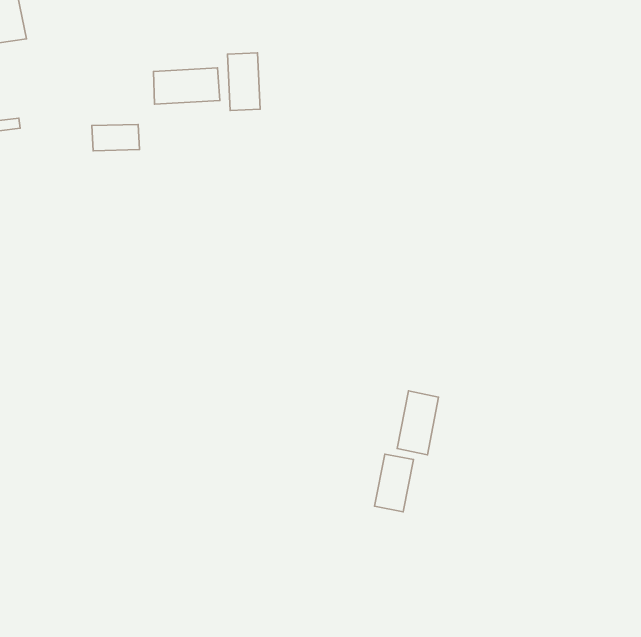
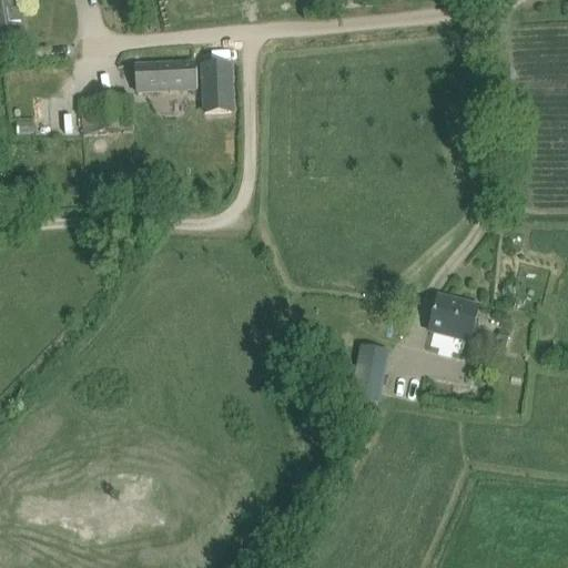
building: none -> [428,296,477,338]
building: [374,454,413,512] -> none

